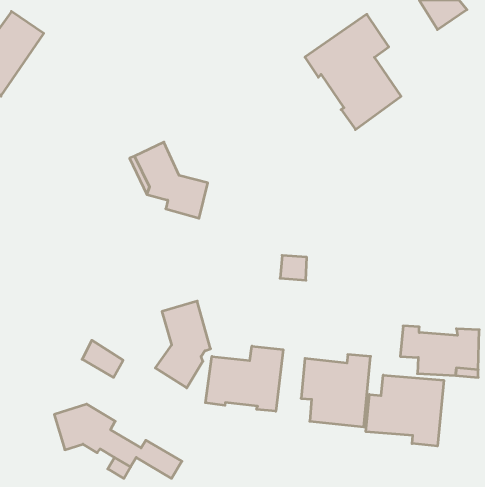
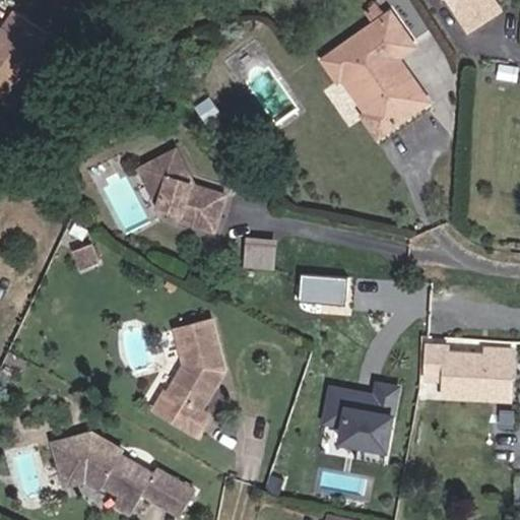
building: none -> [243,234,276,266]
building: [82,340,123,377] -> [155,392,199,432]
building: [205,346,283,411] -> none
building: [366,375,444,446] -> none

